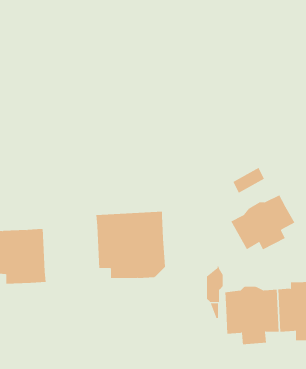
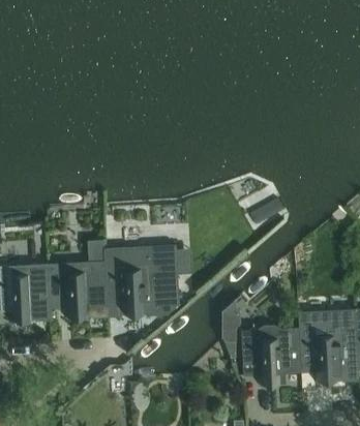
building: [231,195,295,250] -> none
building: none -> [51,260,109,320]

